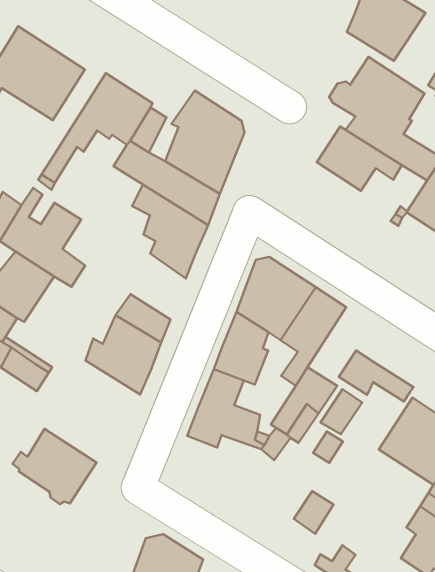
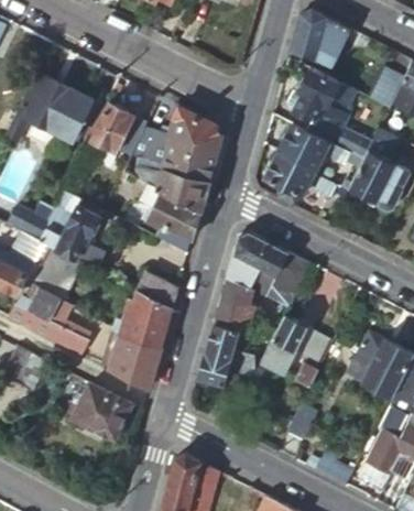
building: none -> [266,154,339,207]
building: [339,350,413,402] -> none
building: none -> [106,326,160,389]

